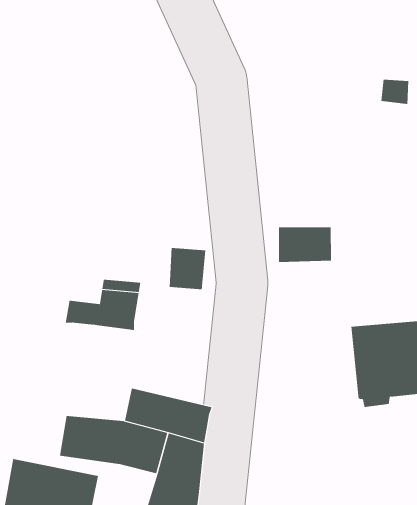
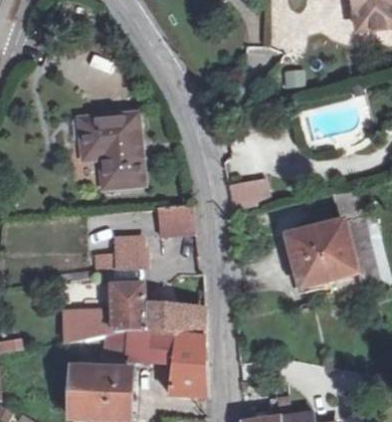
building: none -> [79,115,141,186]
building: none -> [75,284,146,336]

